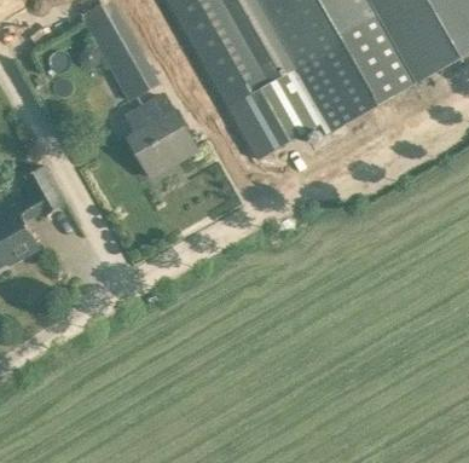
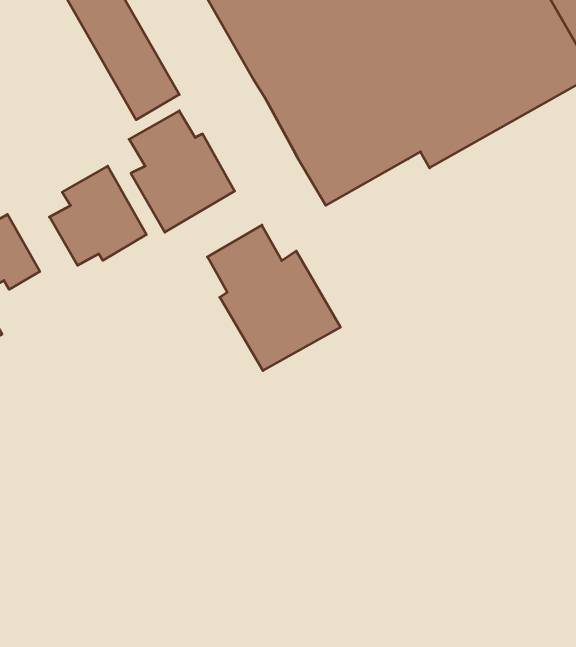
building: none -> [49,166,146,265]
building: none -> [207,225,340,371]

